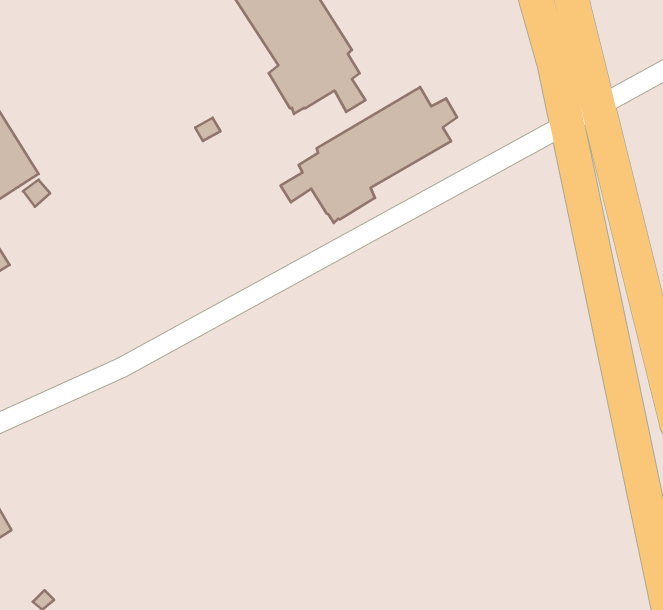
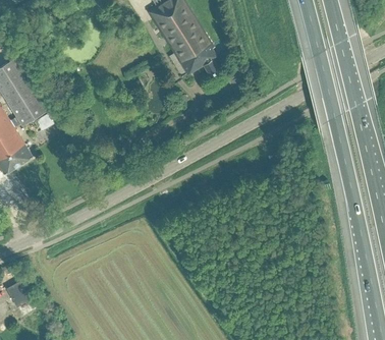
building: [281,87,457,223] -> none

